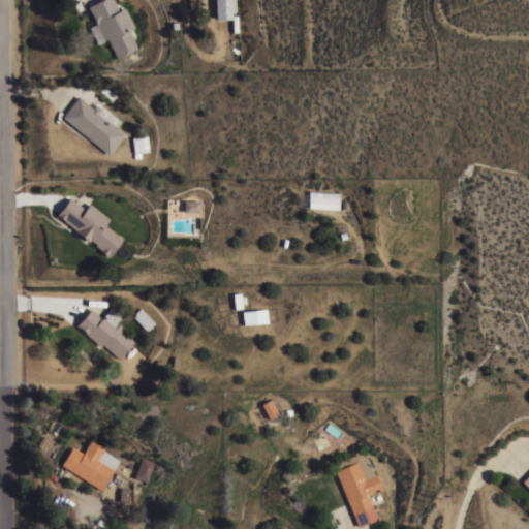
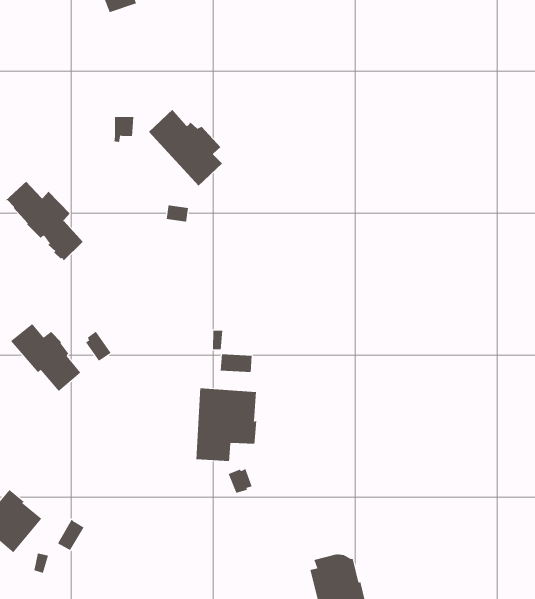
building: [63,97,125,155] -> [148,109,223,186]
building: [309,192,341,211] -> none
building: none -> [196,387,257,462]

